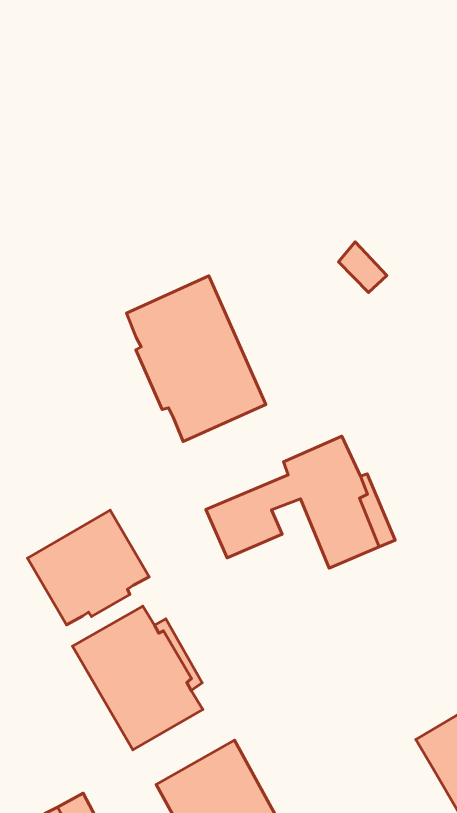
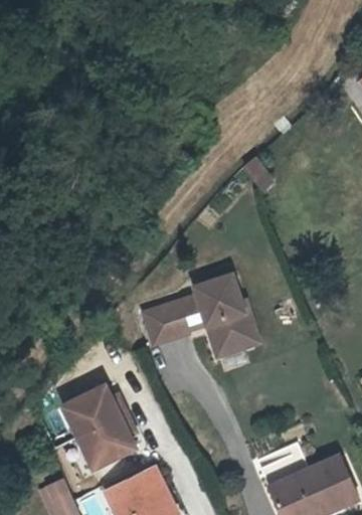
building: [126,276,266,442] -> none
building: [27,510,149,625] -> none

